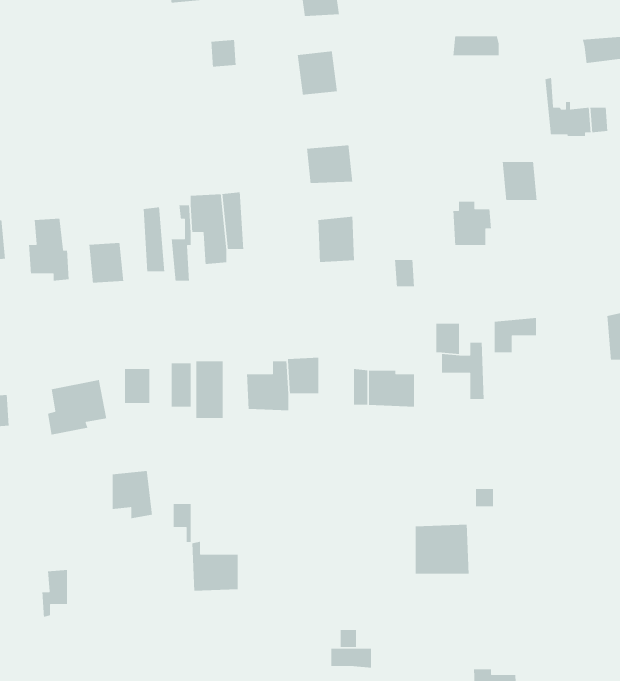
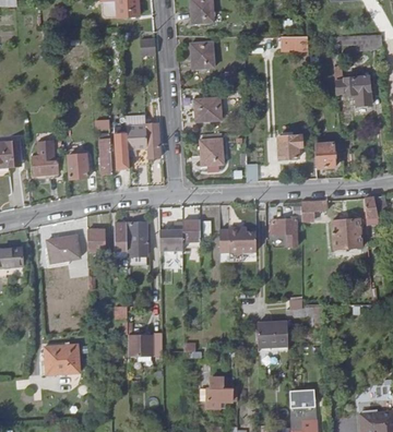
building: [502,161,537,201] -> [314,143,335,166]
building: none -> [336,219,367,249]
building: [112,470,153,519] -> [56,343,80,371]

